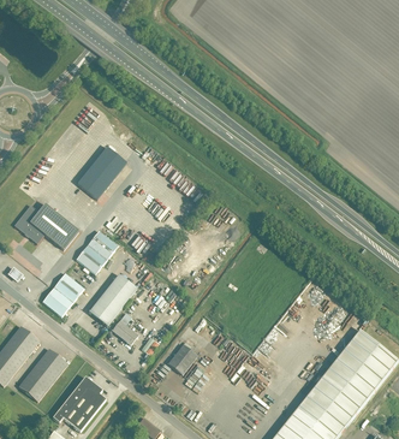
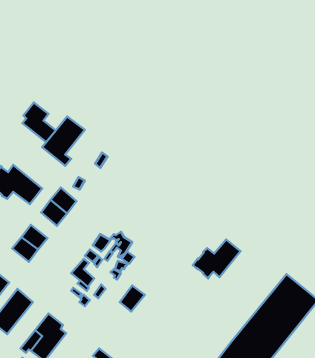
building: none -> [22,103,56,142]
building: [88,274,136,326] -> none
building: none -> [193,240,240,279]

